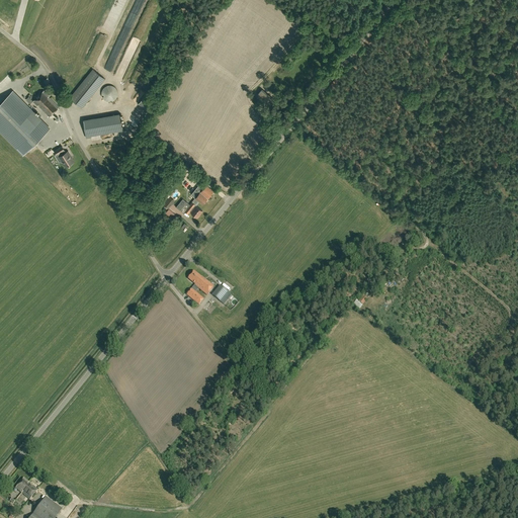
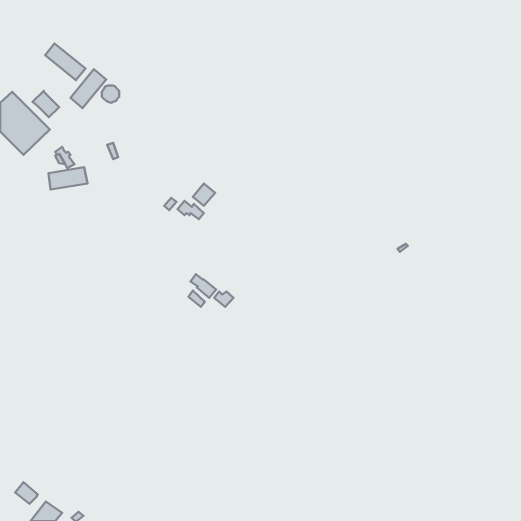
building: none -> [45,43,85,80]
building: [84,114,122,137] -> [49,167,87,190]

